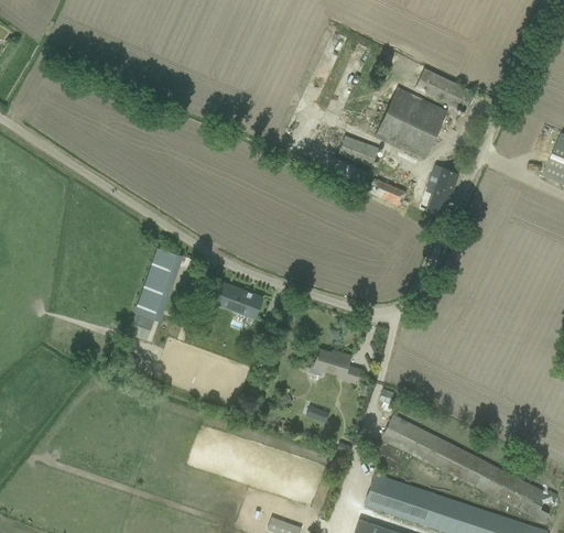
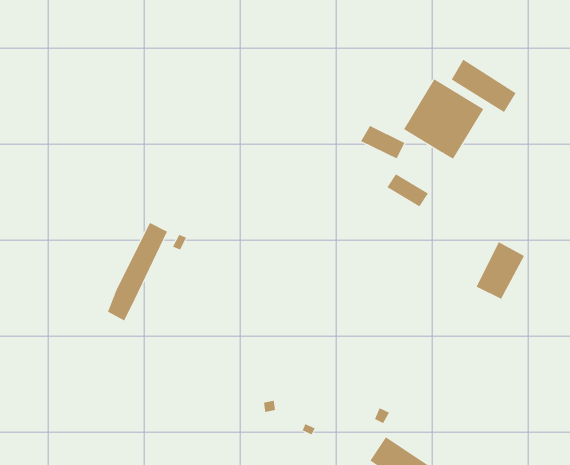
building: [420,164,460,216] -> [476,242,525,300]
building: [208,280,264,319] -> none
building: [311,349,361,383] -> none

